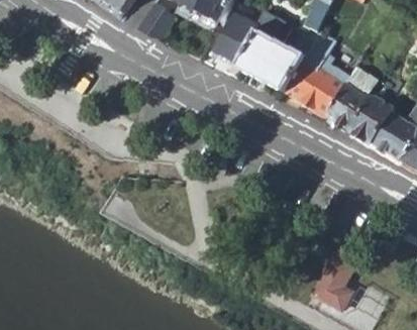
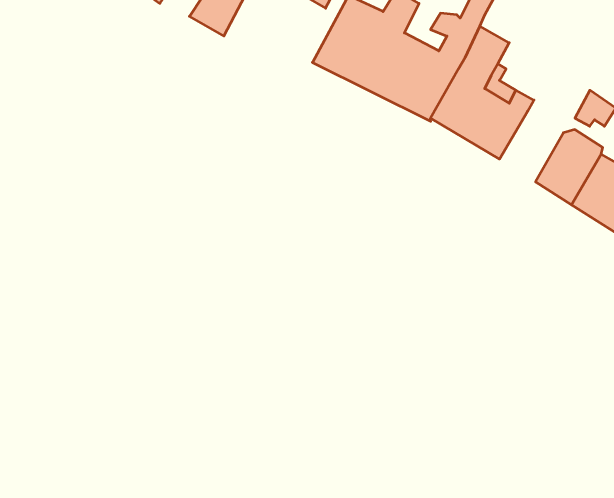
building: [329,70,369,129] -> none
building: [313,256,353,310] -> none

